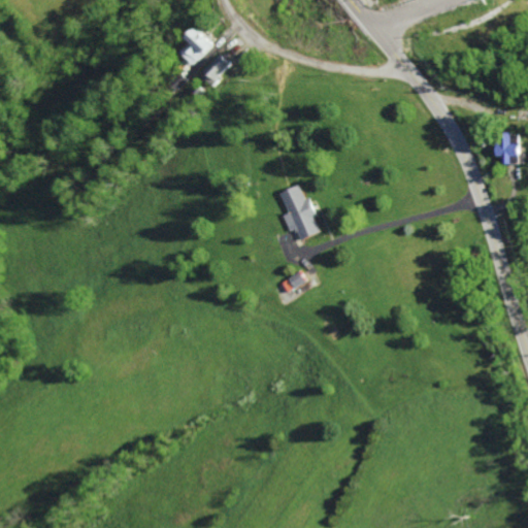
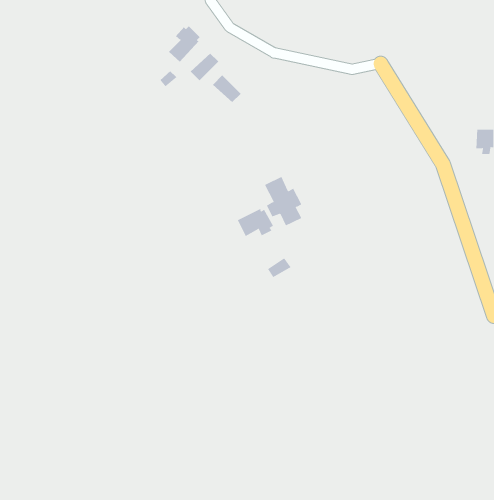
building: none -> [212,75,241,103]
building: none -> [237,208,274,237]

